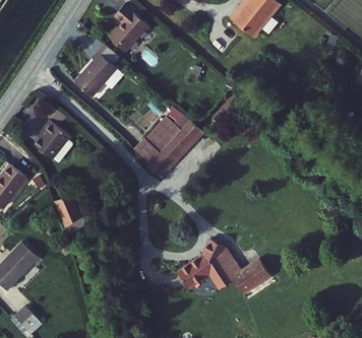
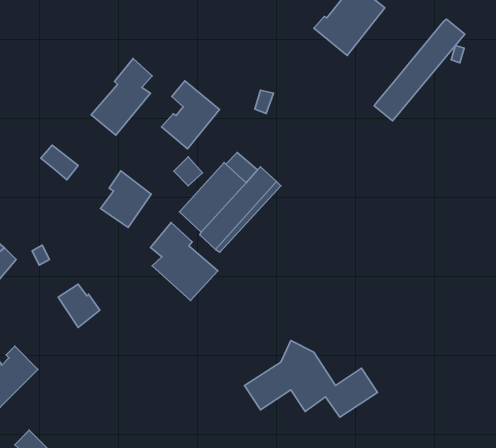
building: [109,5,149,53] -> [162,81,219,149]
building: none -> [374,19,465,121]
building: [32,120,67,159] -> [101,171,151,227]
building: none -> [151,223,218,301]

